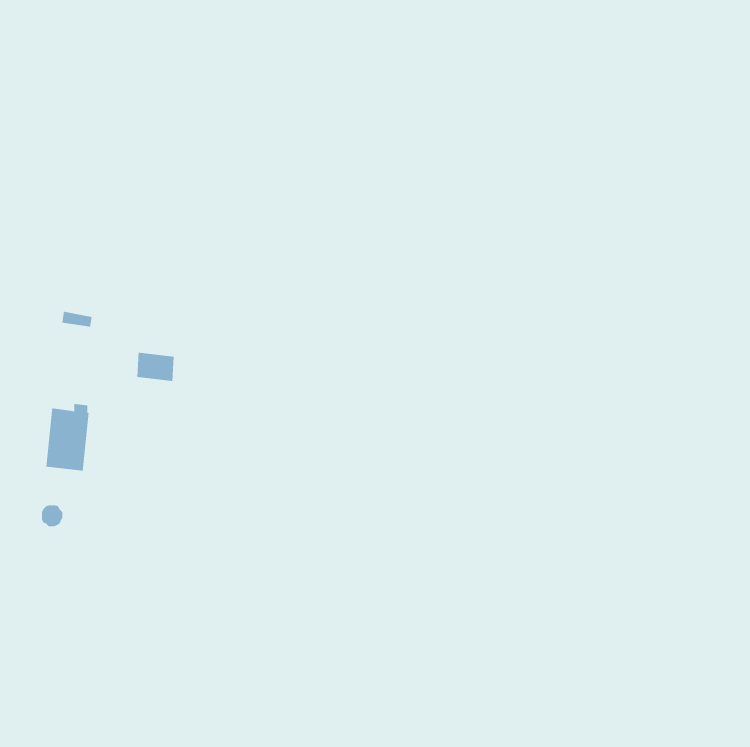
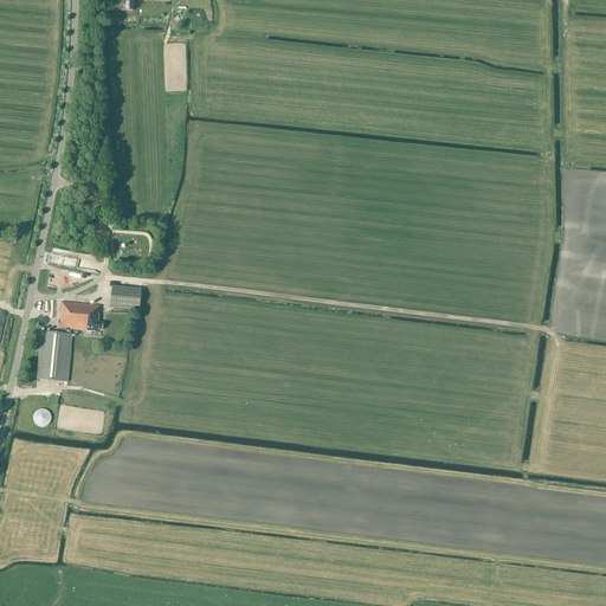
building: none -> [58,299,104,329]

